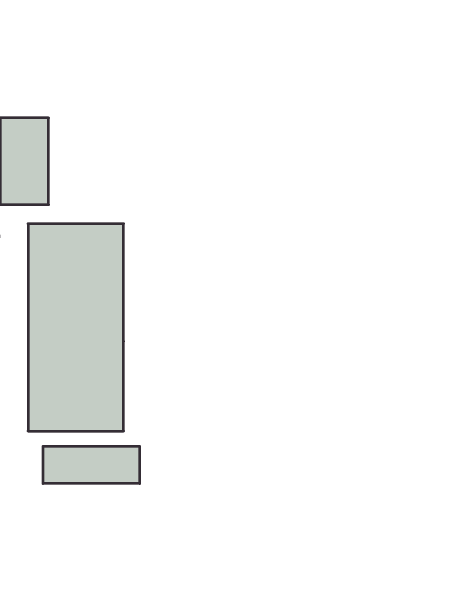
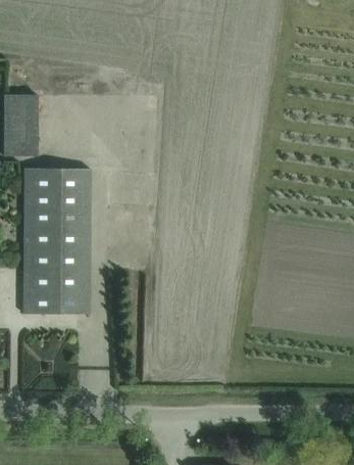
building: [43,446,140,484] -> none

